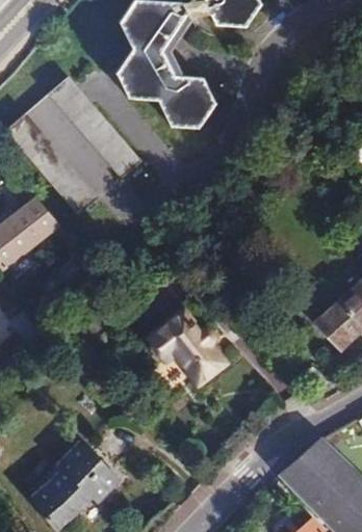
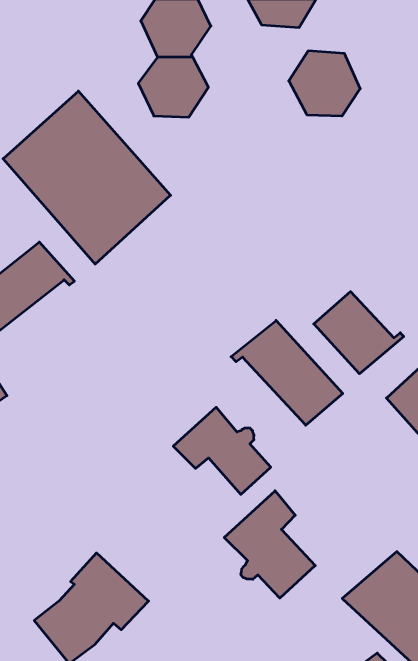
building: [156,71,213,123] -> [289,51,360,116]
building: none -> [314,292,404,374]
building: none -> [231,320,343,425]
building: none -> [224,491,315,598]

